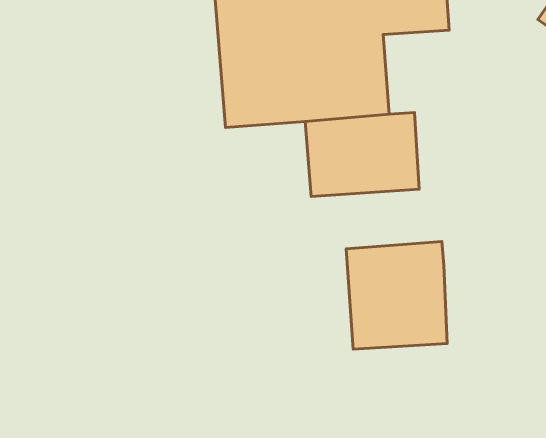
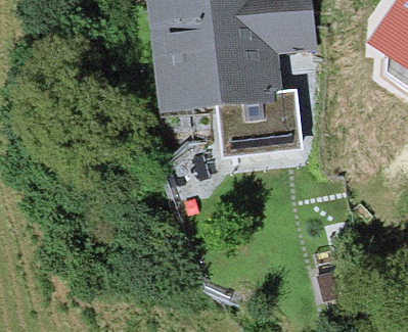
building: [346,242,447,349] -> none

